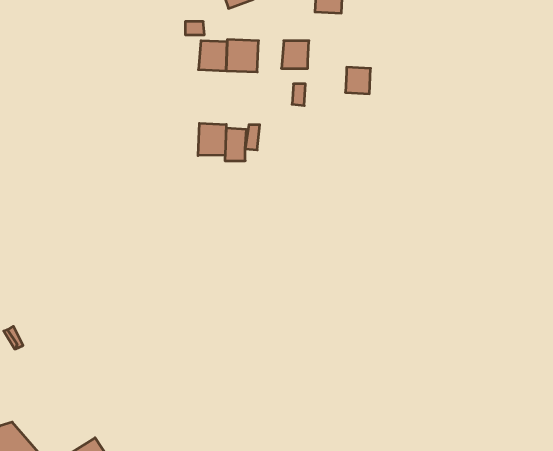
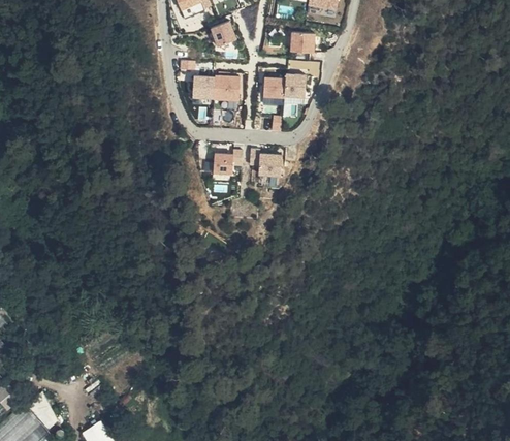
building: [345,67,371,94] -> [284,72,306,95]
building: [198,123,226,156] -> none
building: none -> [250,148,281,177]

